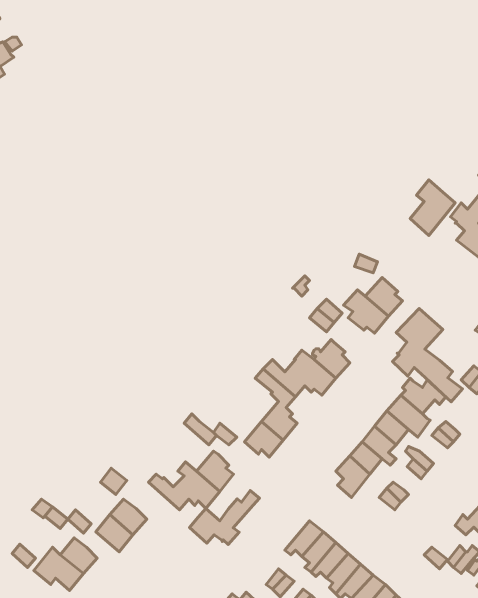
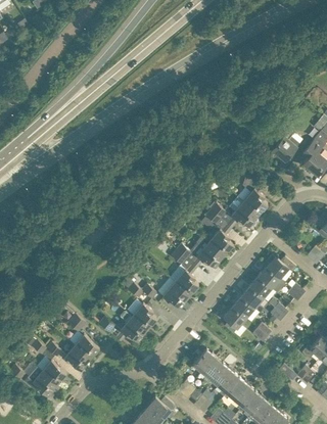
building: [393,308,463,402] -> none
building: [190,490,259,544] -> none

